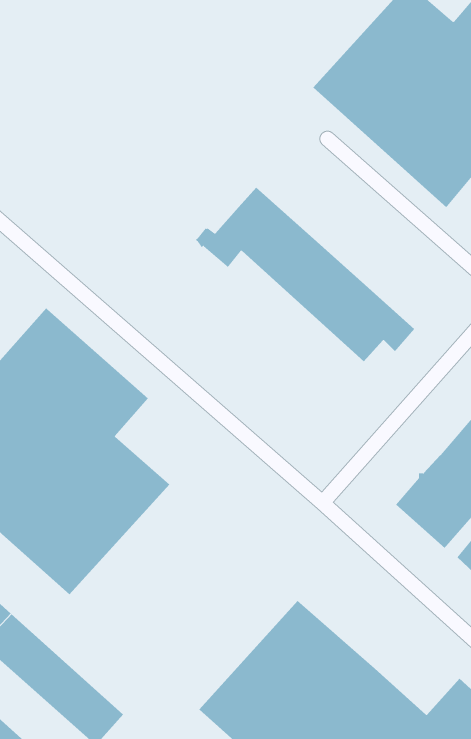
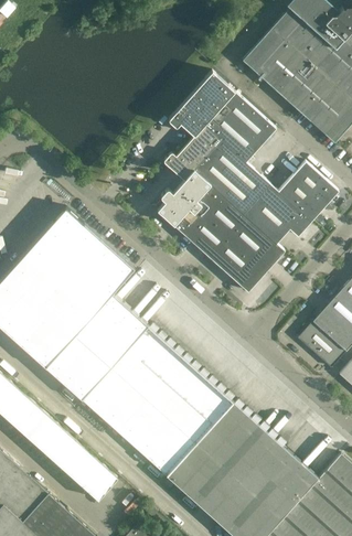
building: none -> [169,71,277,163]
building: none -> [278,161,339,222]
building: none -> [156,170,285,292]
building: none -> [81,325,233,475]

